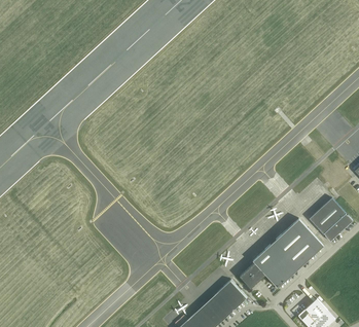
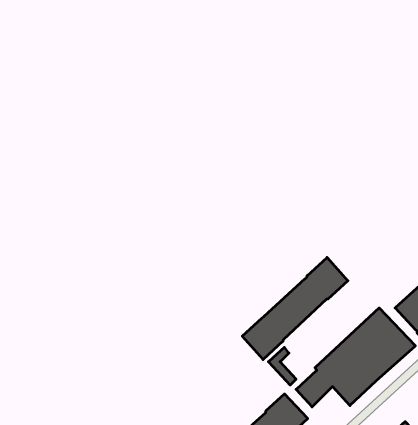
building: none -> [242,257,348,360]

